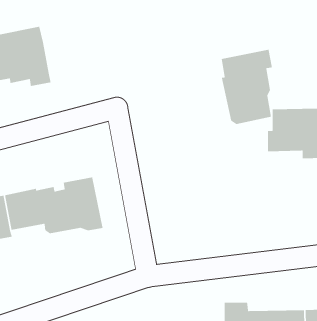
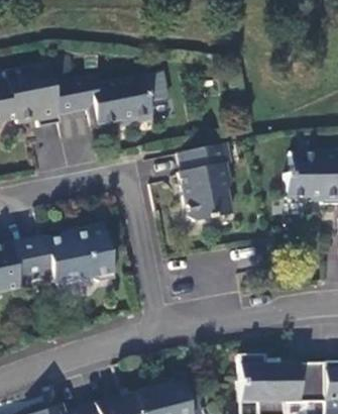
building: none -> [50,74,151,126]
building: [221,49,273,125] -> [177,142,231,222]

